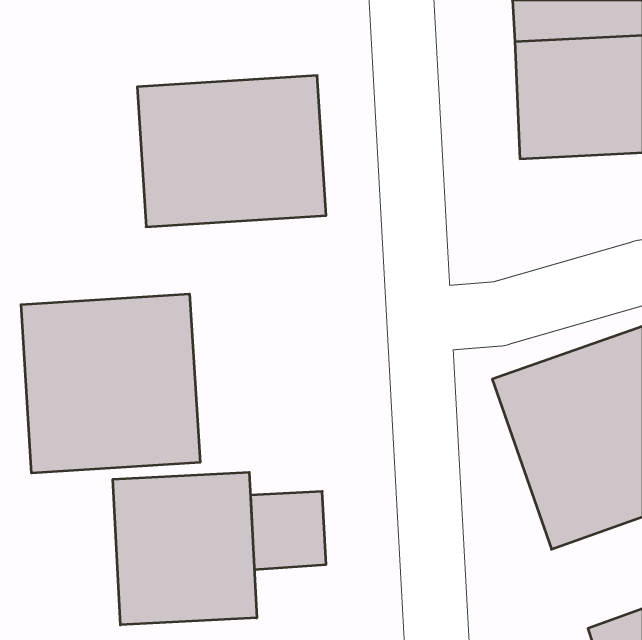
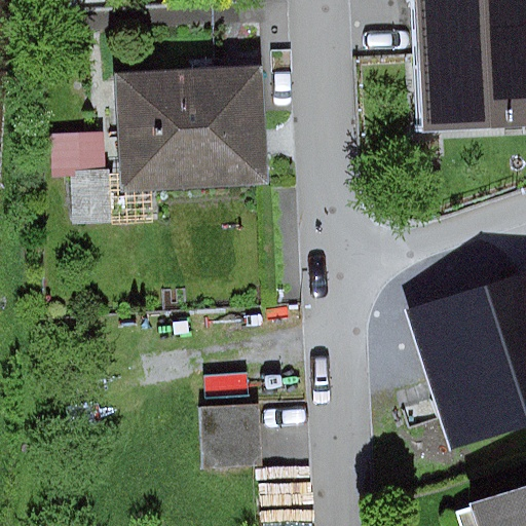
building: [21,294,200,473] -> none
building: [113,472,257,625] -> none

